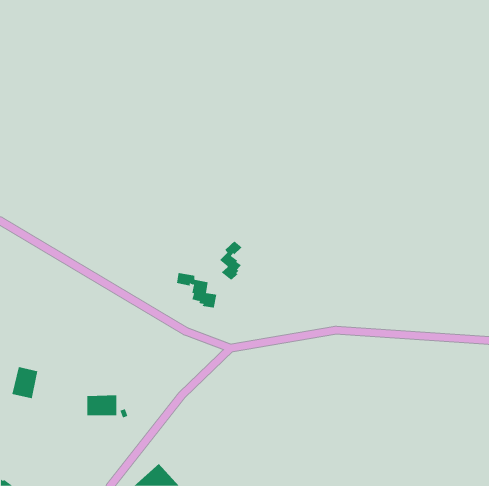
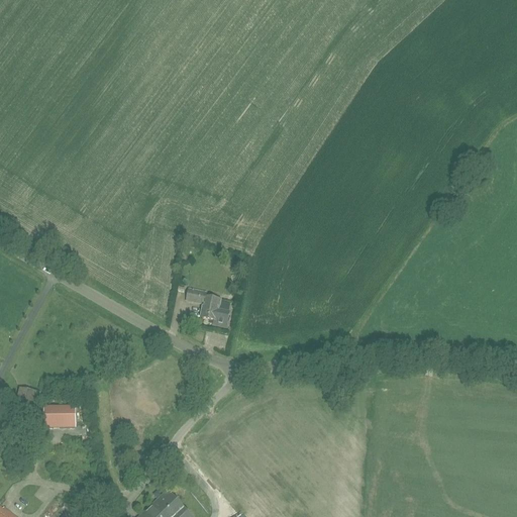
building: [219,241,242,281] -> none
building: [87,395,117,416] -> [44,404,77,426]

